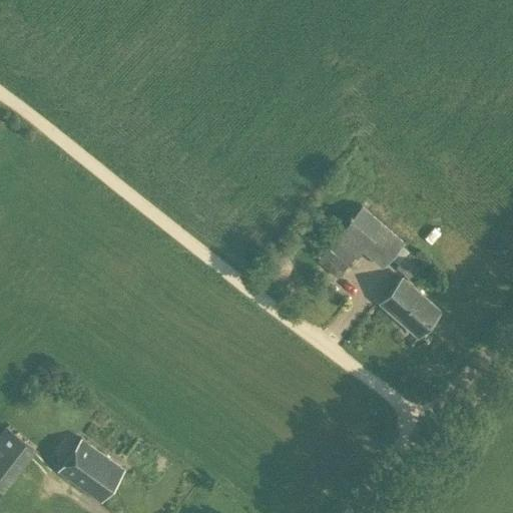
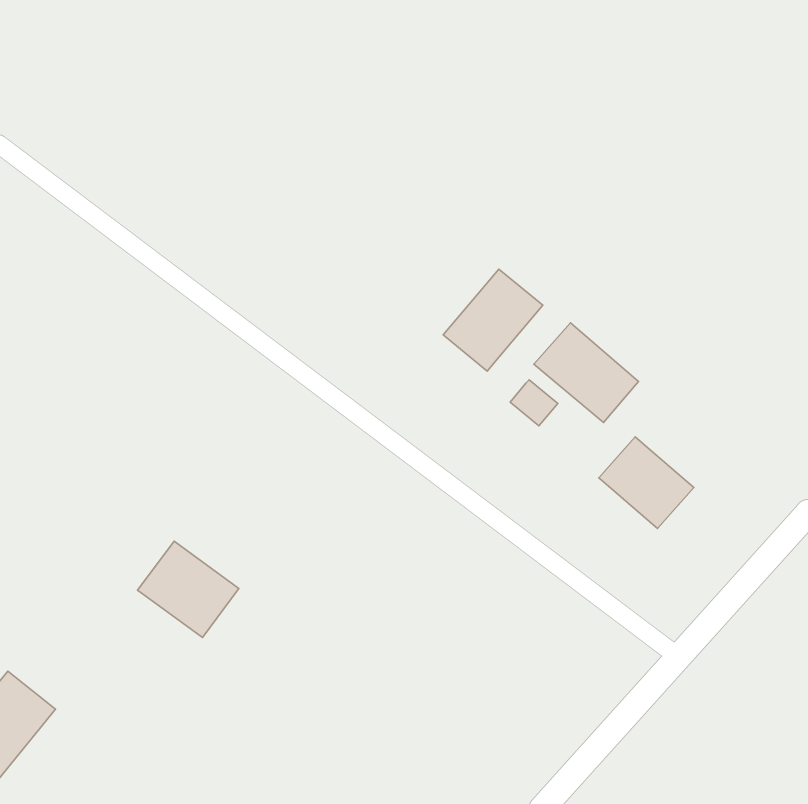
building: none -> [443,269,543,371]
building: [58,441,122,502] -> [138,541,239,638]

